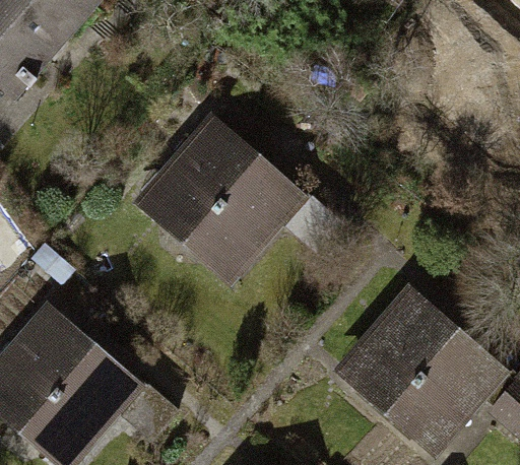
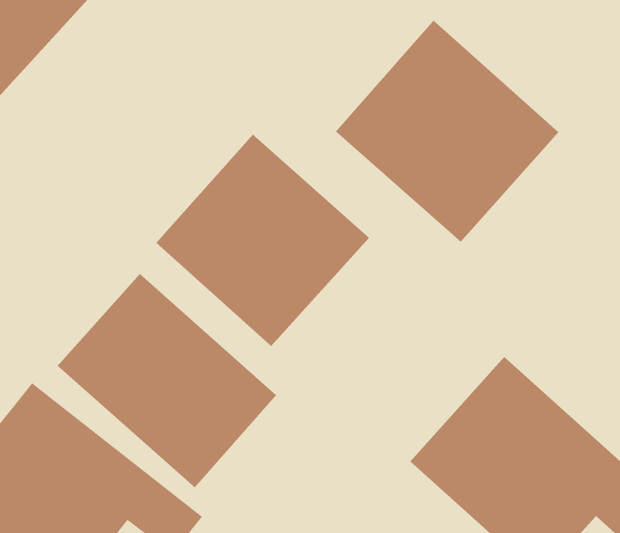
building: none -> [335,20,559,243]
building: none -> [57,273,277,488]

